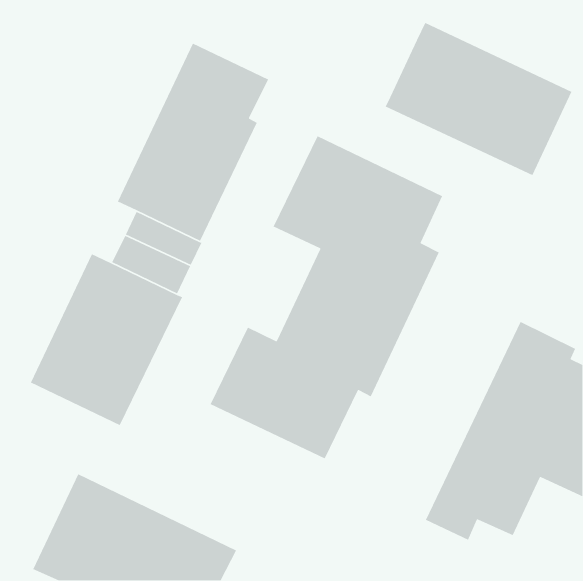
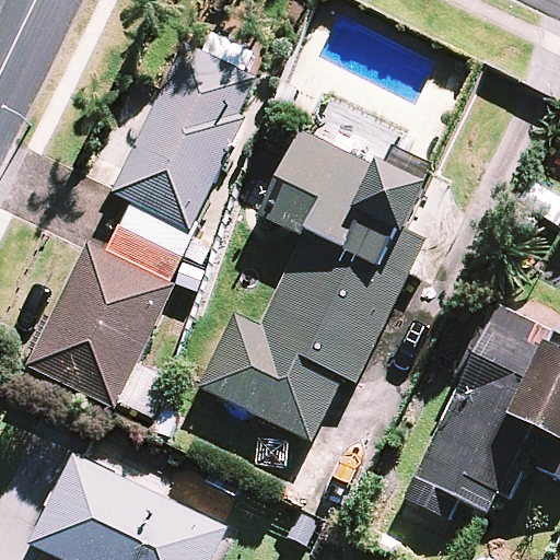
building: [384,22,572,176] -> none

